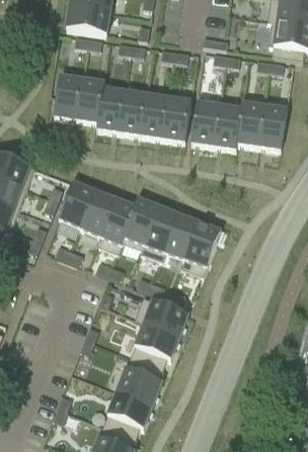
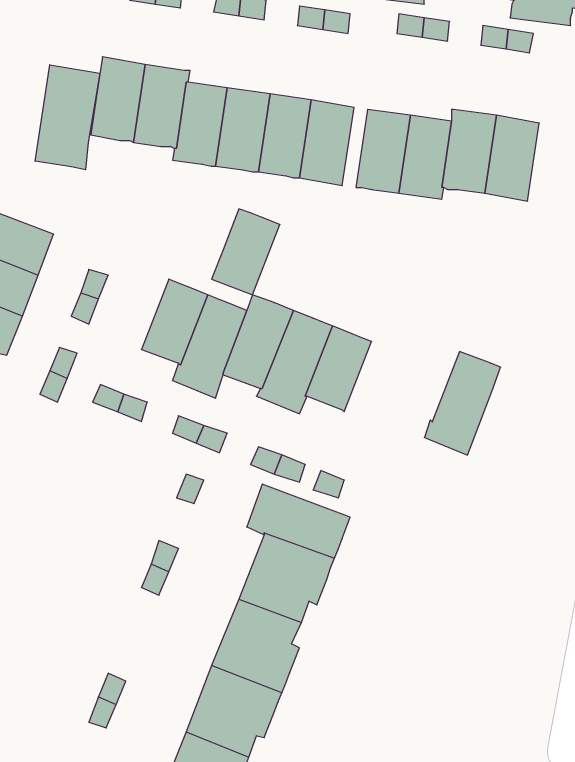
building: none -> [35,65,100,170]
building: [58,182,93,227] -> [212,209,280,295]
building: [180,222,220,276] -> [424,352,501,455]

